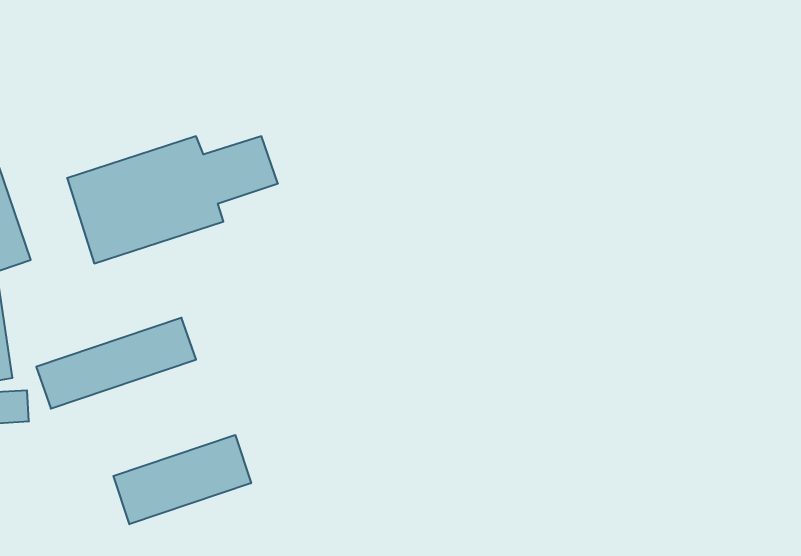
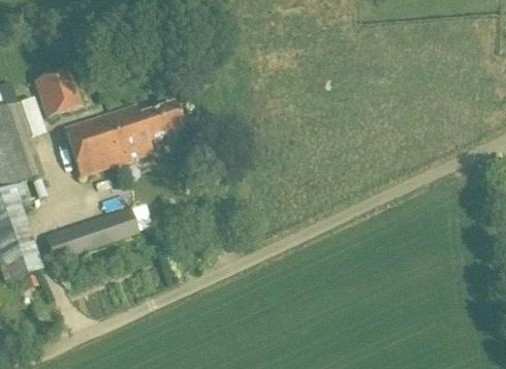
building: none -> [30,69,80,119]
building: [113,435,251,524] -> none

